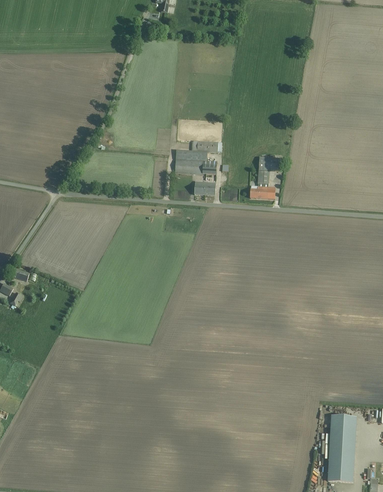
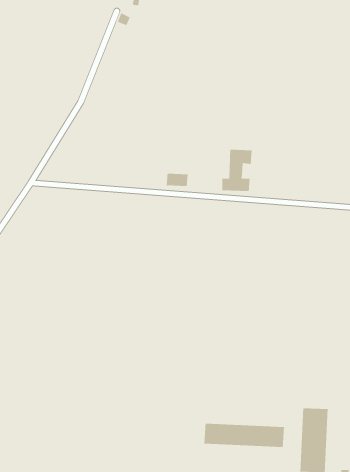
building: [174,143,217,177] -> none
building: none -> [203,423,285,448]

